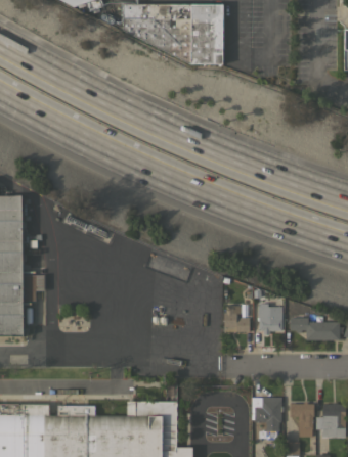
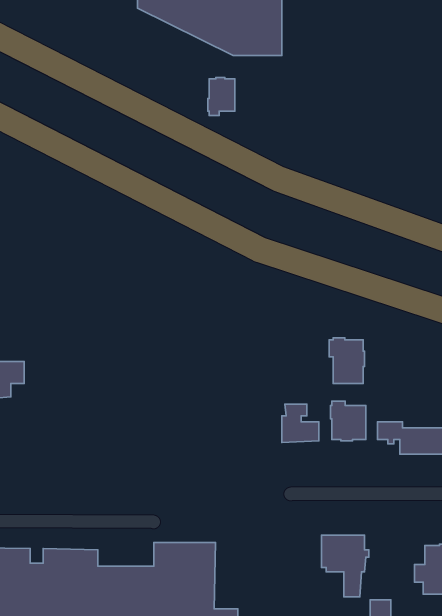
building: none -> [208,77,235,116]
building: none -> [329,338,364,383]
building: [290,401,313,436] -> none

